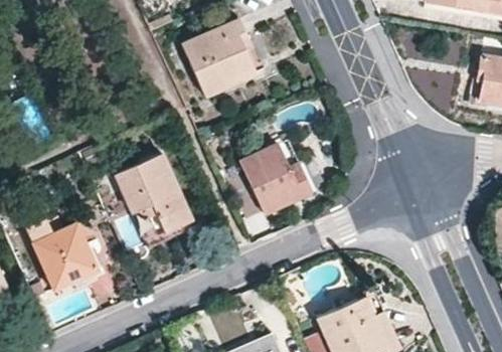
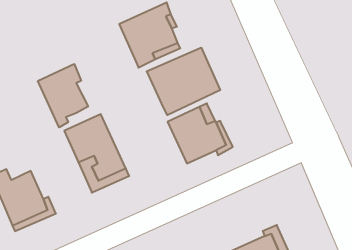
building: none -> [147,48,220,115]
building: none -> [38,64,88,127]

